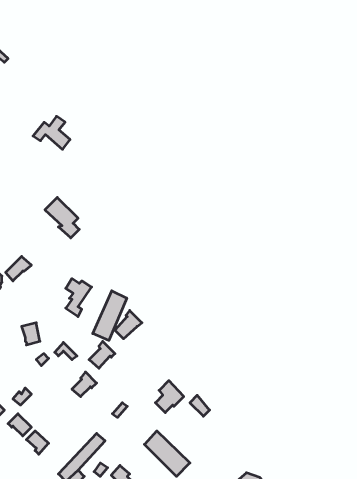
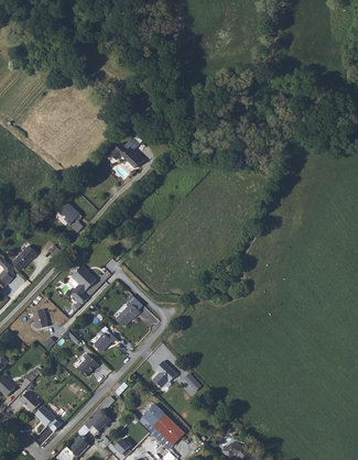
building: [33,116,70,149] -> [107,138,140,167]
building: [93,291,127,340] -> none

